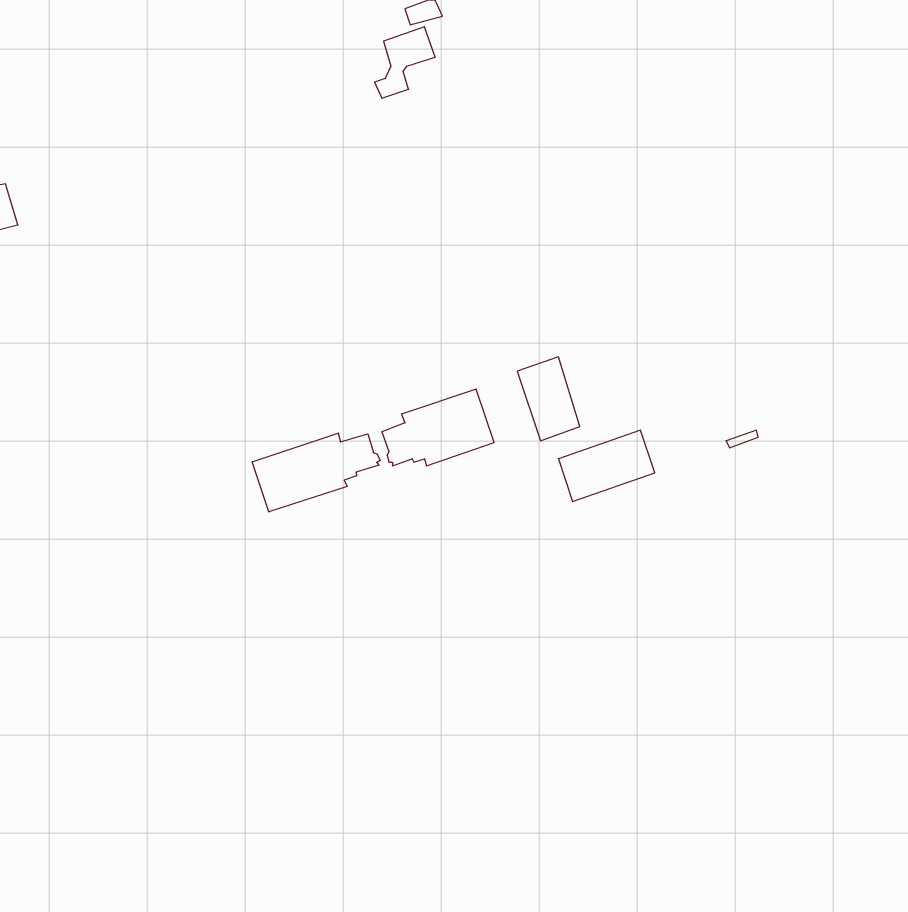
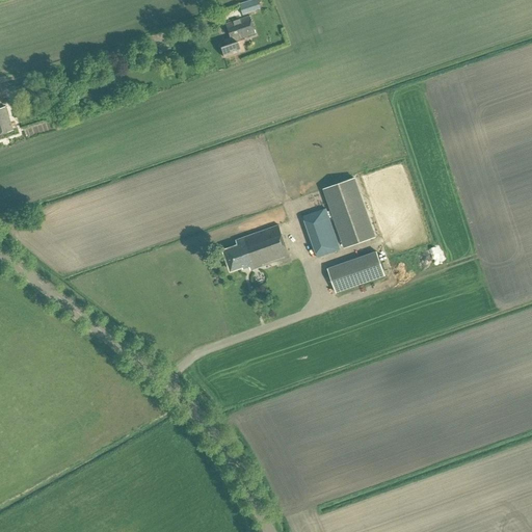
building: none -> [323,178,371,245]
building: [252,433,380,512] -> none

